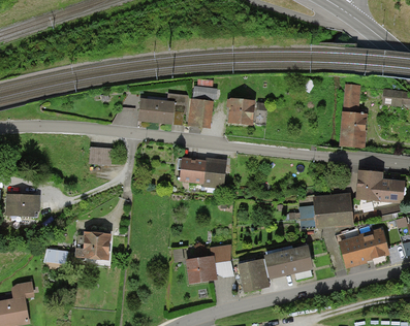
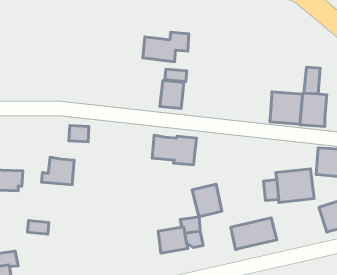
building: [137,92,187,124] -> [143,32,189,62]
building: [226,97,254,125] -> none
building: none -> [270,92,303,124]
building: [74,230,109,260] -> [41,157,74,185]
building: [338,234,367,267] -> none
building: [236,257,269,292] -> [192,184,222,217]

